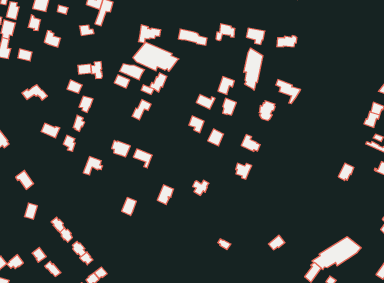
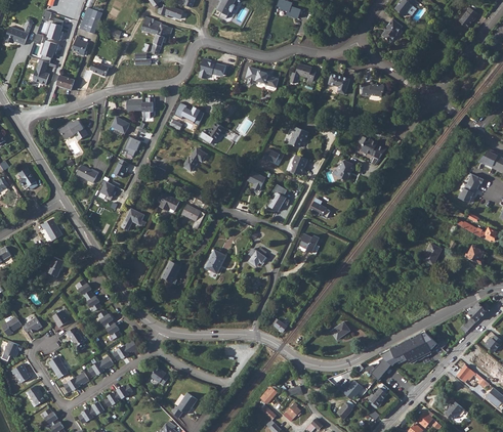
building: [133,42,179,71] -> none
building: [244,48,263,90] -> none

